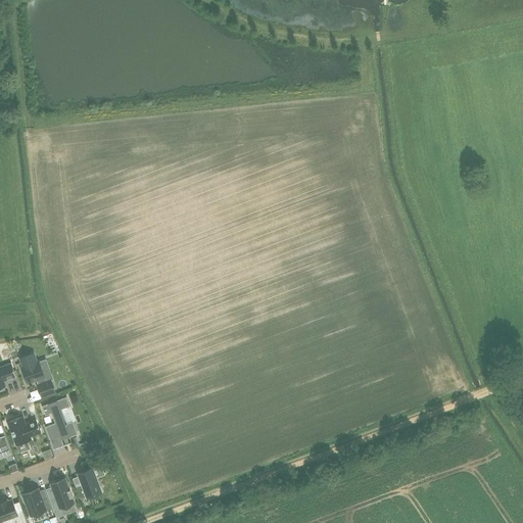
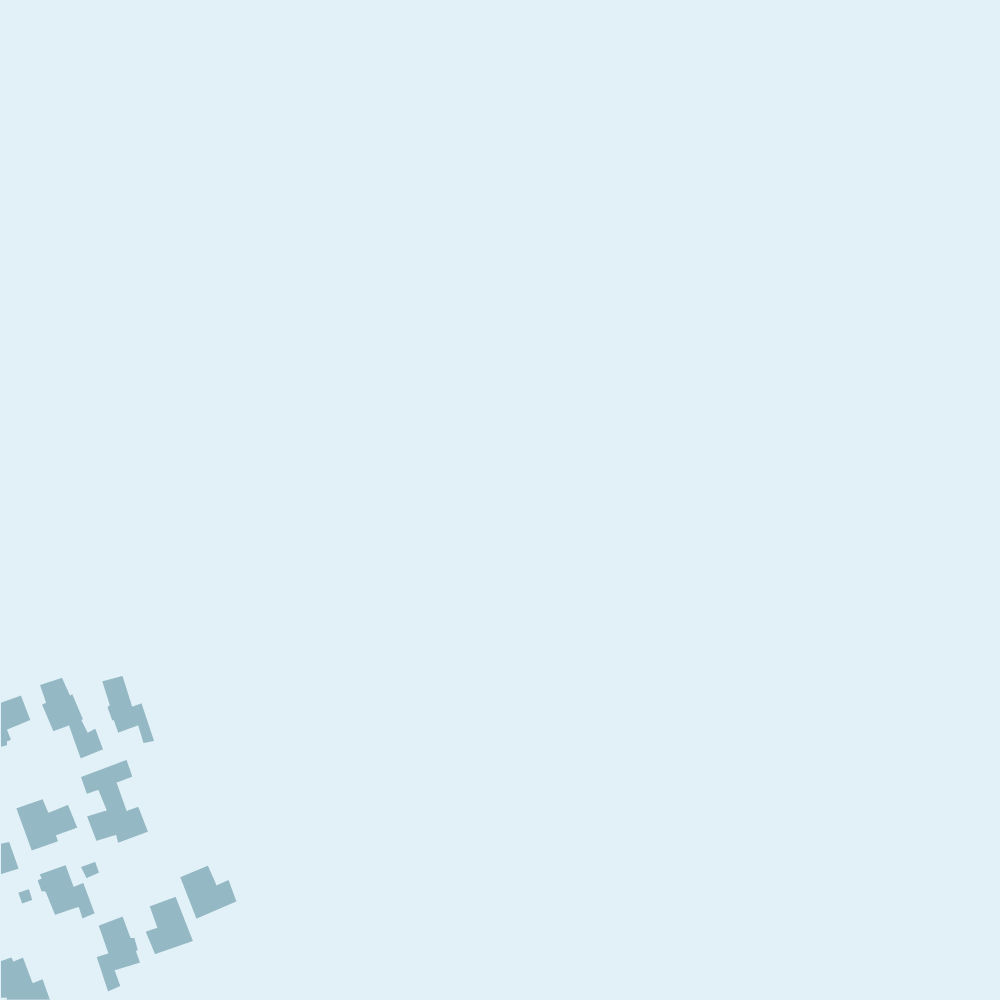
building: none -> [102,675,155,744]
building: none -> [179,865,237,919]
building: [21,488,52,517] -> [37,865,96,919]

